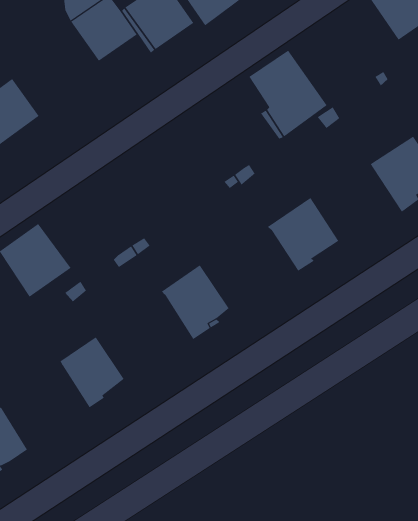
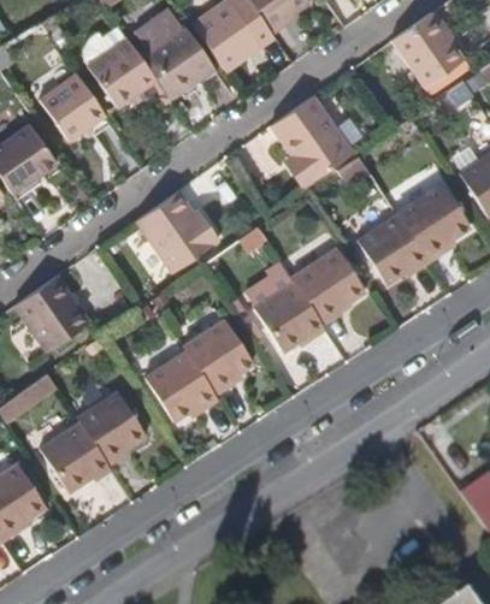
building: none -> [42,75,108,142]
building: none -> [136,191,219,273]
building: none -> [360,218,429,285]
building: none -> [255,282,325,351]
building: none -> [144,348,219,420]
building: none -> [42,420,113,488]

